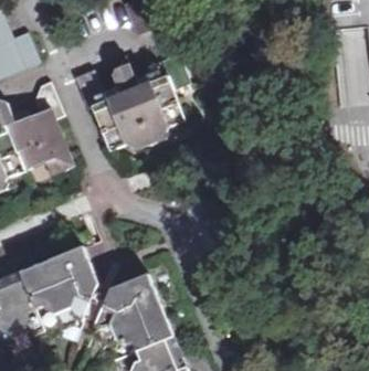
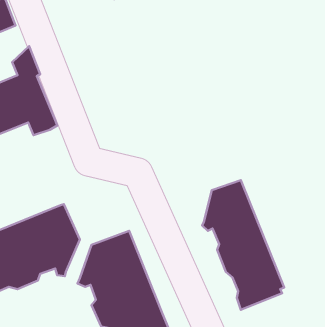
building: [77,49,190,148] -> none
building: none -> [202,180,284,310]

